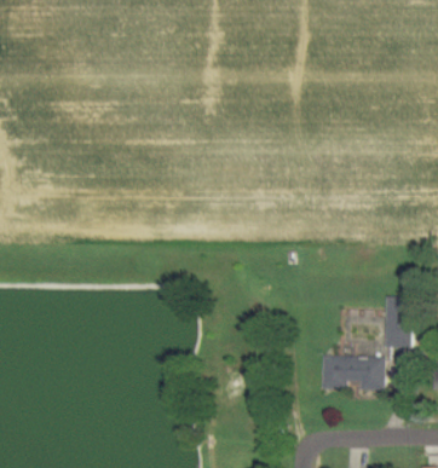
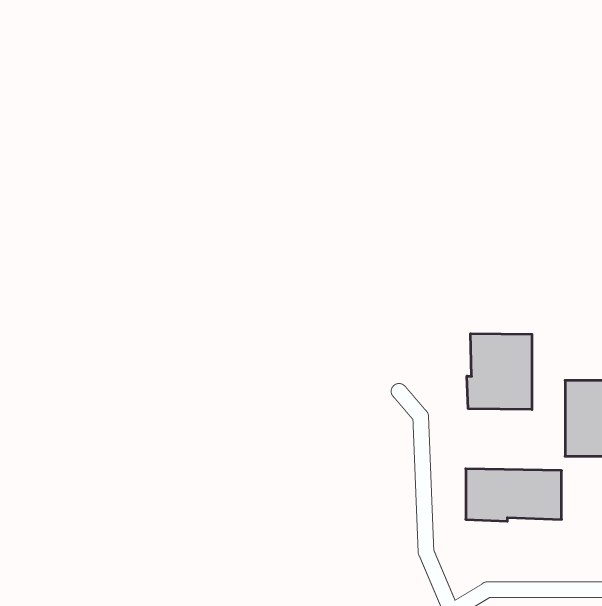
building: none -> [467,334,532,410]

